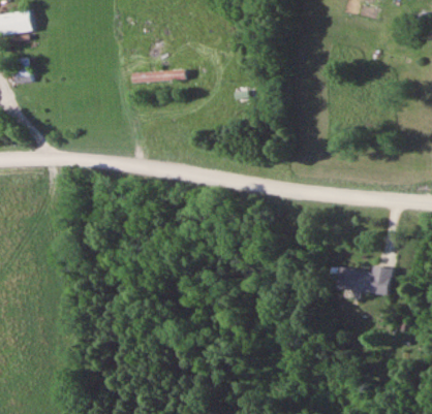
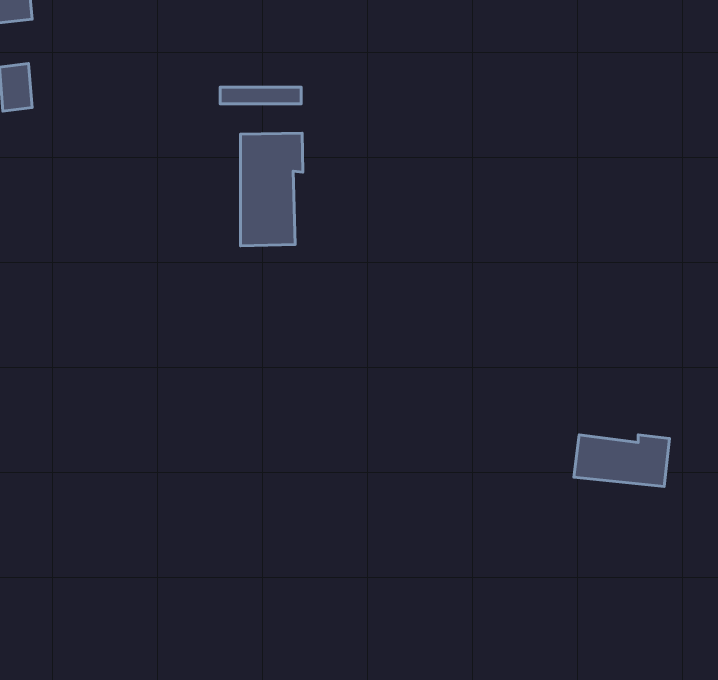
building: none -> [240,133,303,246]

